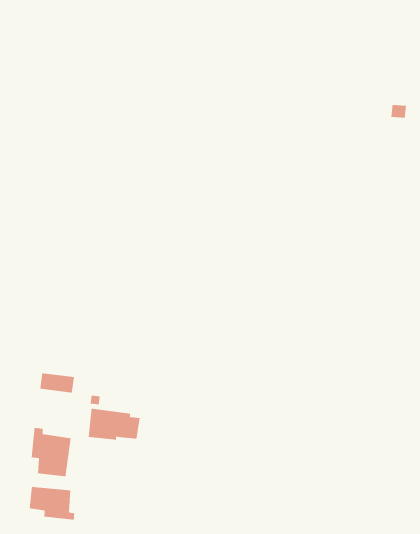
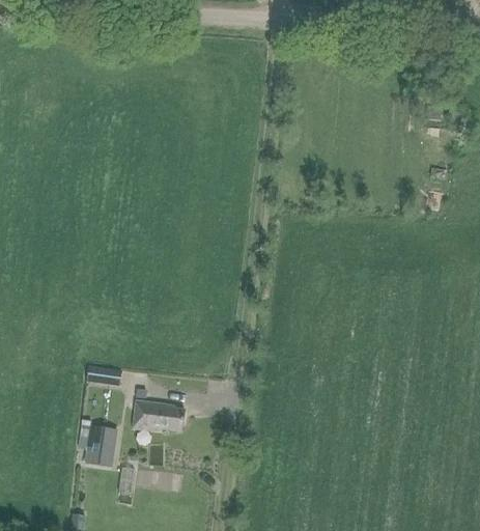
building: [29,486,75,520] -> none

